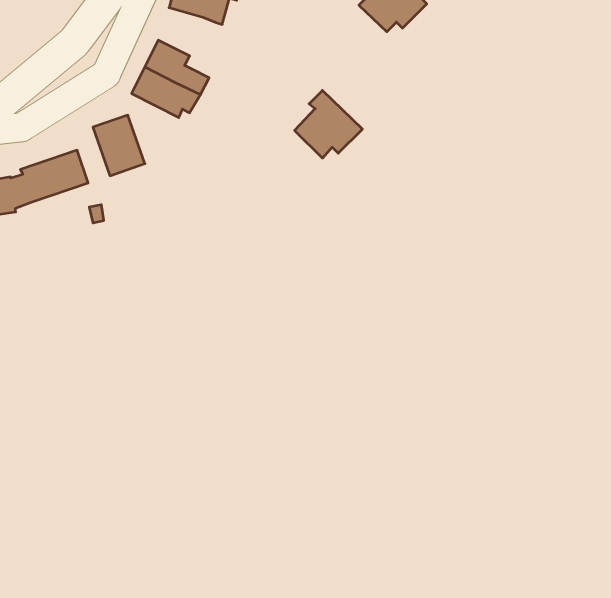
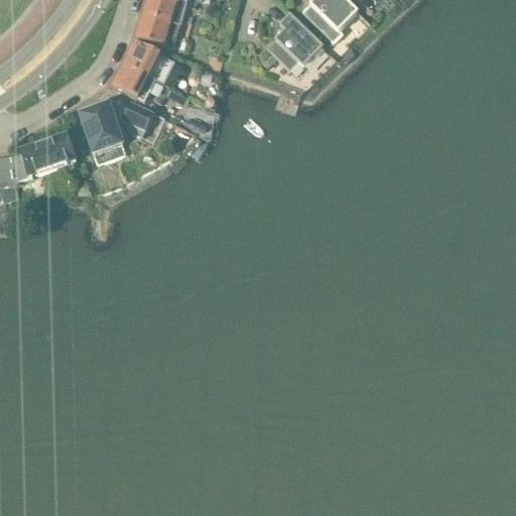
building: none -> [135,12,170,44]
building: [295,90,362,158] -> [266,12,322,69]
building: none -> [121,100,153,135]

